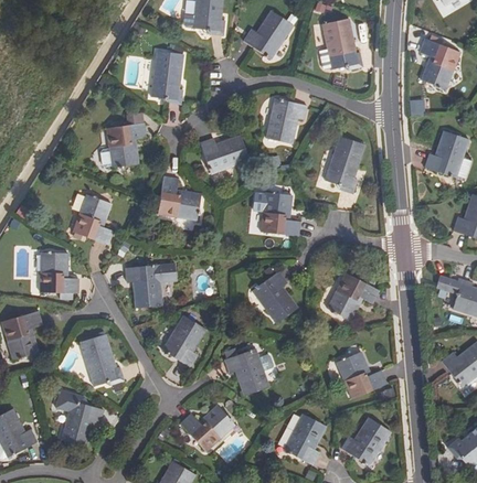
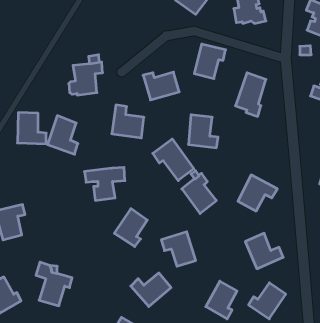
building: [150,51,182,106] -> none
building: none -> [153,139,194,181]
building: [40,251,78,293] -> [17,113,46,144]
building: [81,332,125,385] -> none

